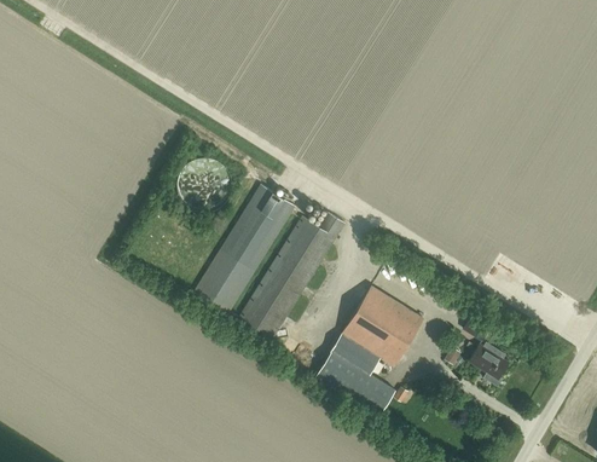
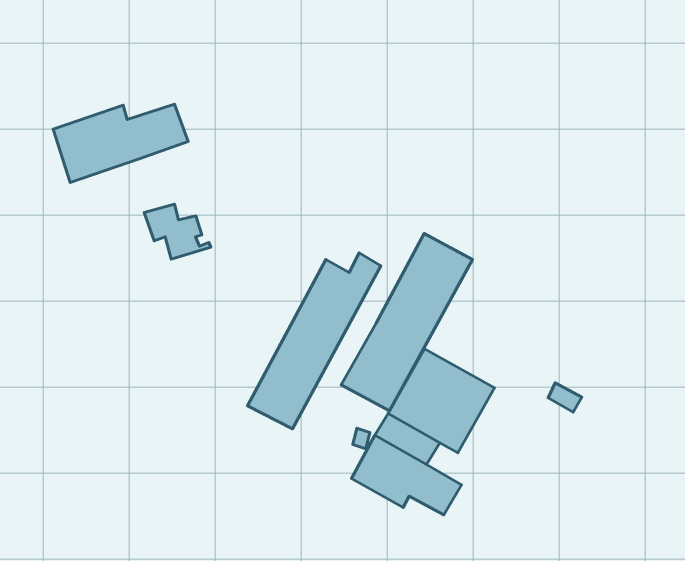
building: none -> [53,104,188,183]
building: [192,181,296,313] -> [341,233,472,411]
building: [470,342,509,385] -> none

